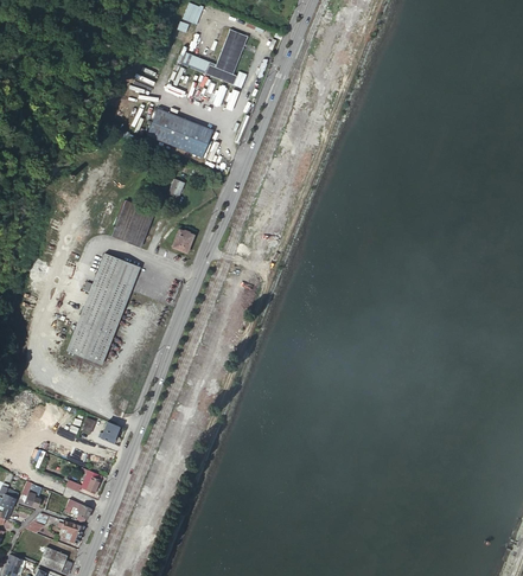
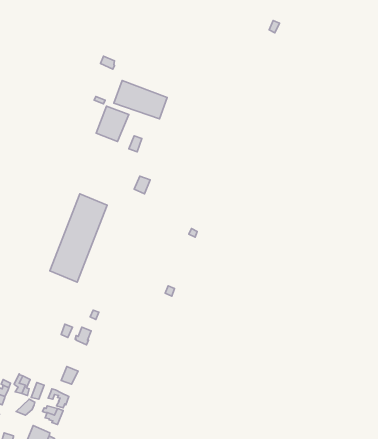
building: [179,30,247,85] -> none
building: [111,201,153,247] -> [96,106,129,142]

